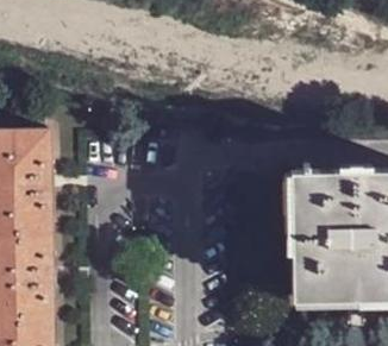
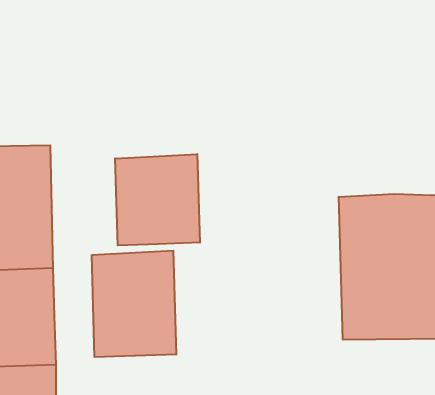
building: none -> [115,154,200,245]
building: none -> [92,251,176,357]

